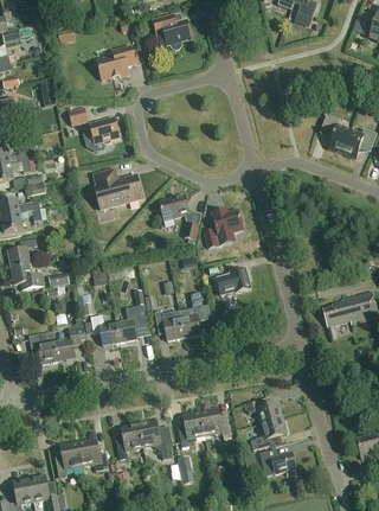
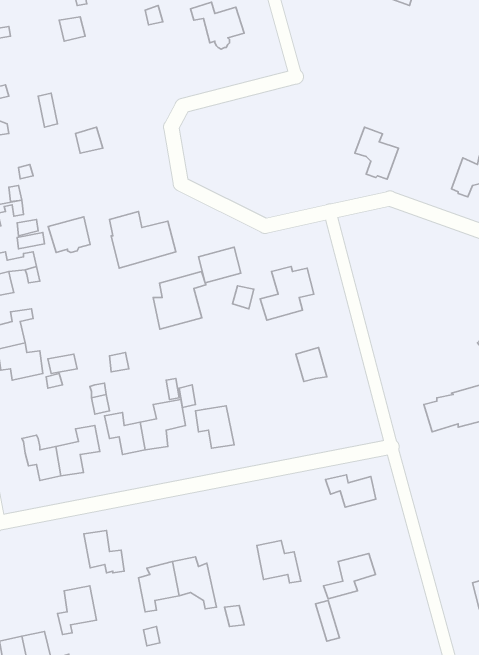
building: [96,44,135,78] -> none
building: [320,113,352,151] -> [355,127,399,179]
building: [89,116,120,142] -> [48,217,90,253]
building: none -> [153,272,206,329]
building: [179,290,213,338] -> none
building: [246,400,283,423] -> [326,475,376,507]
building: [179,411,206,448] -> none
building: [79,439,109,470] -> [84,531,124,573]
building: [259,447,296,475] -> none

